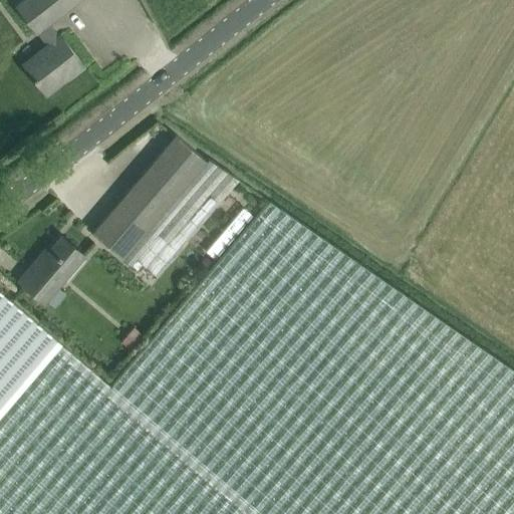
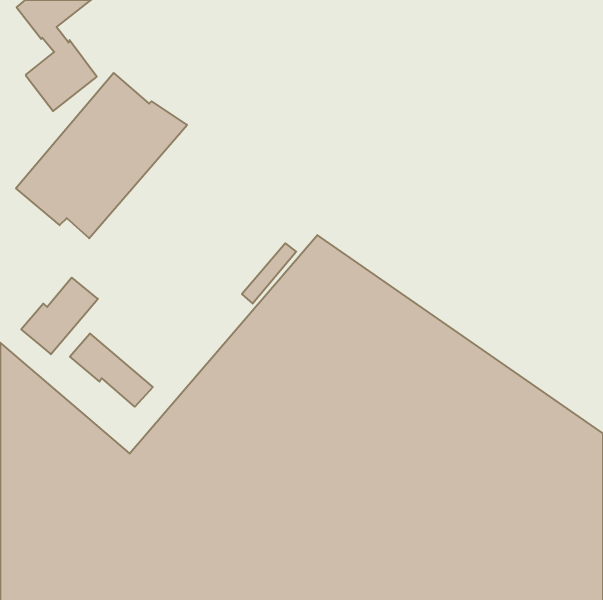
building: [92,137,238,277] -> [16,73,187,238]
building: none -> [70,333,153,407]

